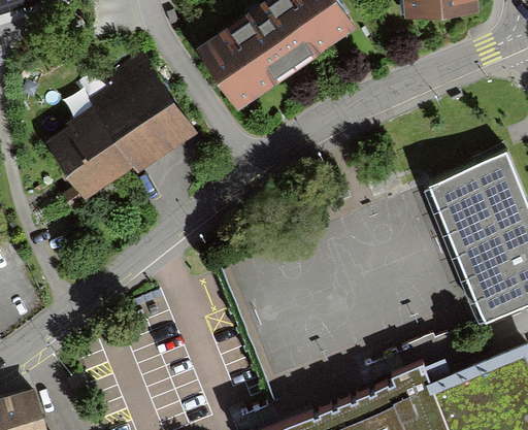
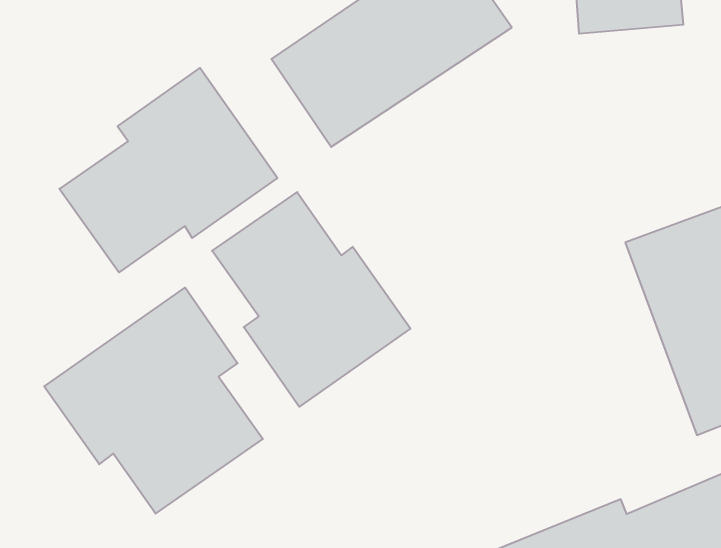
building: none -> [212,192,410,407]
building: none -> [44,288,263,514]

